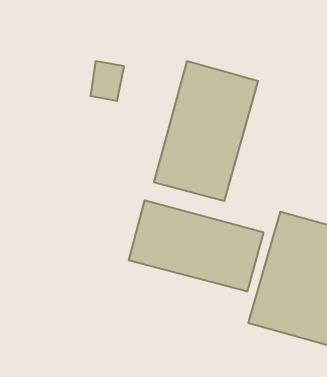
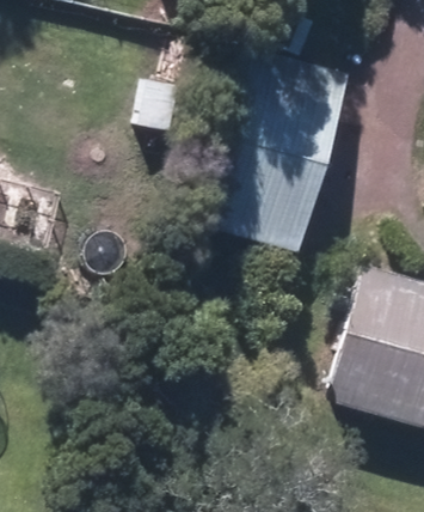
building: [129,200,263,292] -> none

